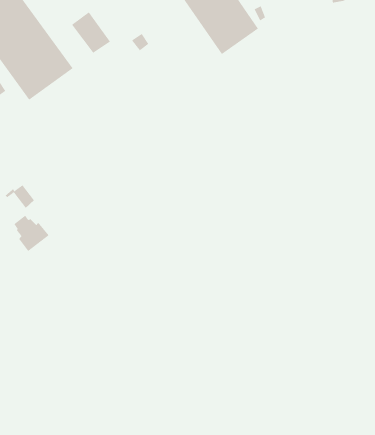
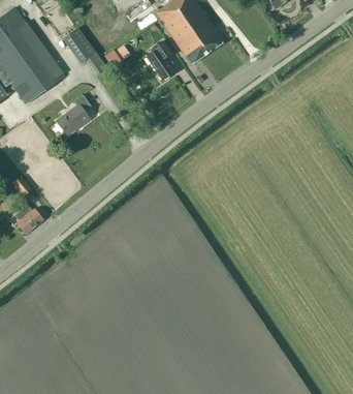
building: none -> [146,40,173,80]
building: none -> [56,86,91,134]

